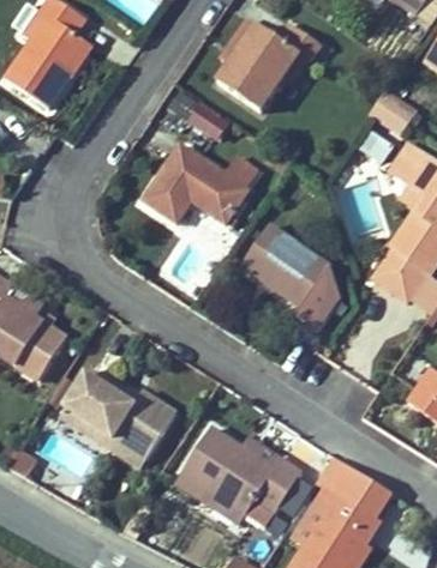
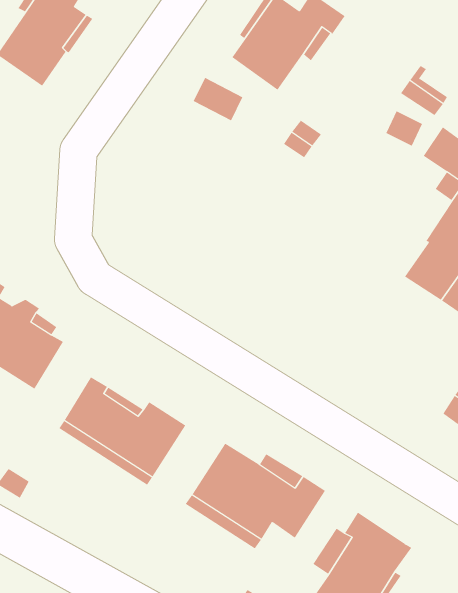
building: [143,143,249,223] -> none
building: [241,224,340,330] -> none
building: [317,454,391,518] -> none

